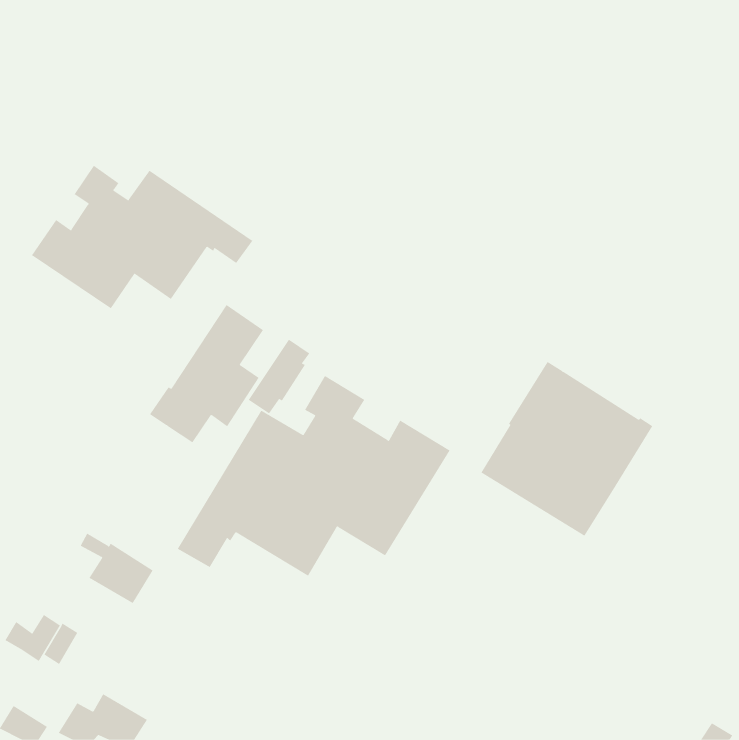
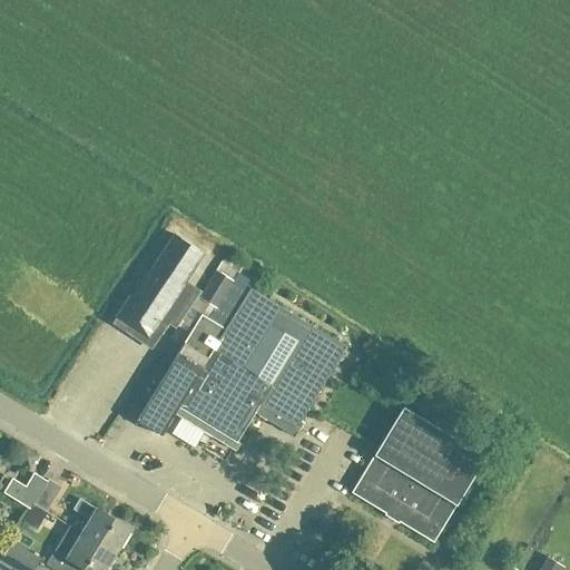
building: [31,165,253,309] -> none
building: [481,361,653,536] -> [353,409,485,543]
building: [80,533,154,604] -> [72,499,129,553]

